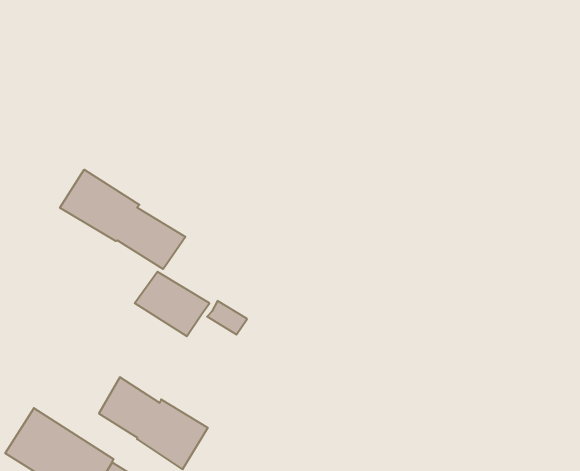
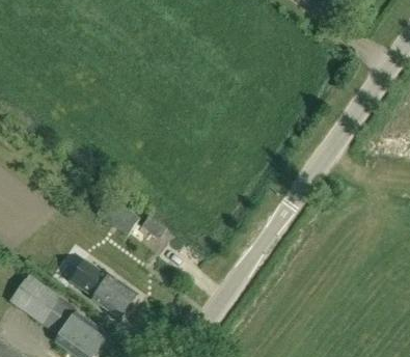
building: [60,170,185,269] -> none

